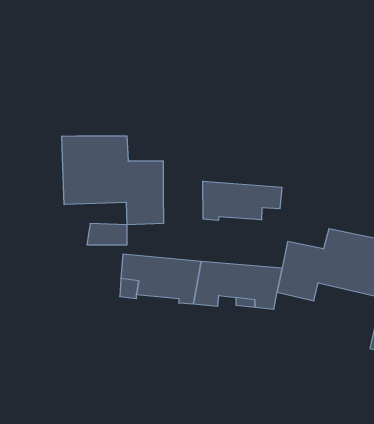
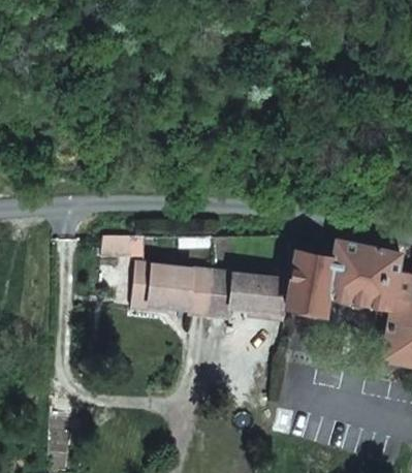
building: [62,136,163,225] -> none
building: [203,181,282,220] -> none

